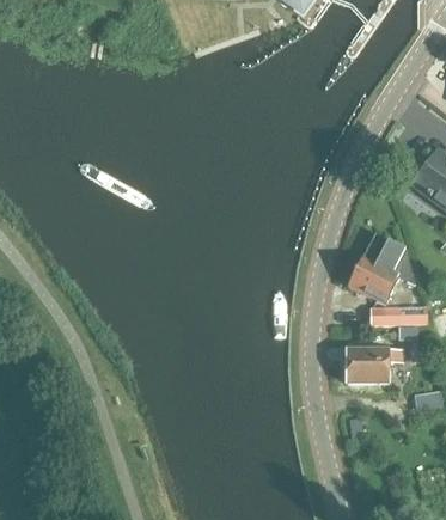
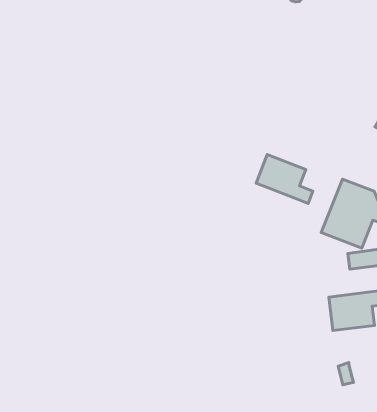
building: none -> [256,154,313,203]

